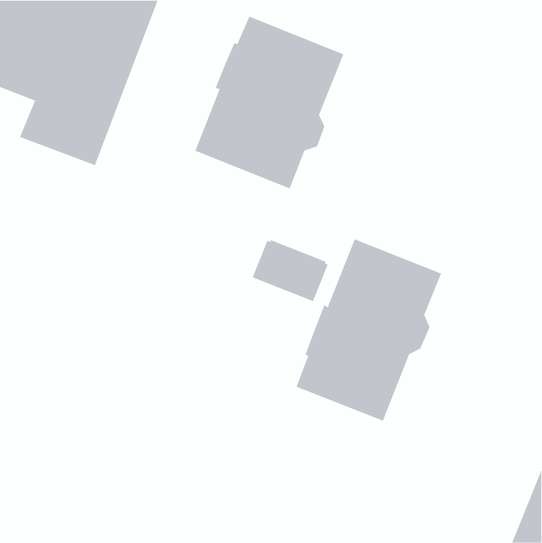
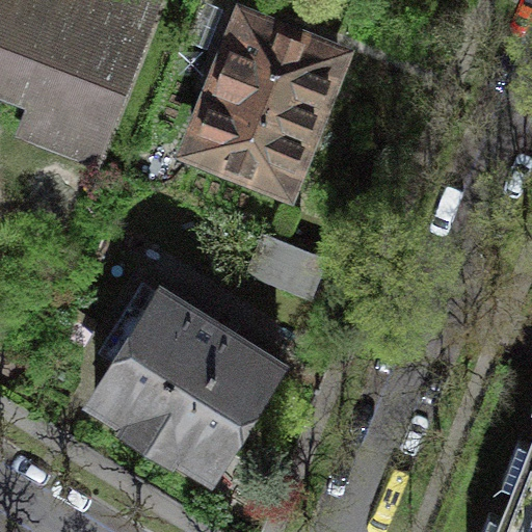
building: [296,239,442,422] -> none
building: none -> [94,290,275,469]

